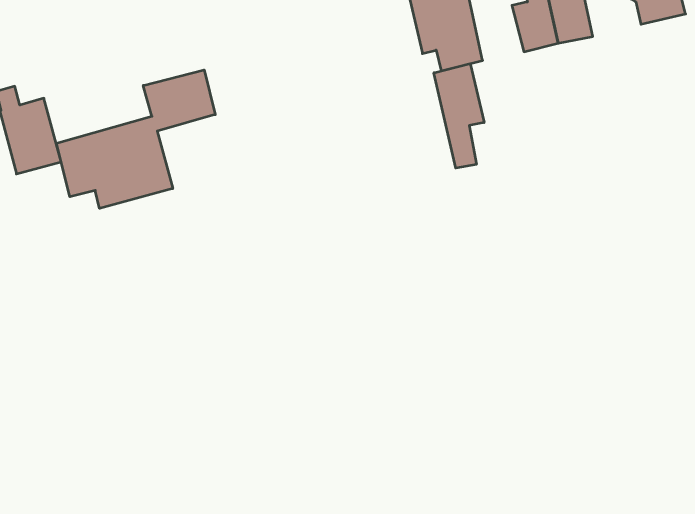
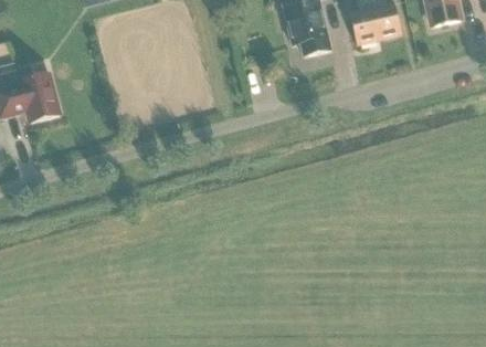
building: [434,64,484,168] -> none
building: [56,70,215,208] -> none

